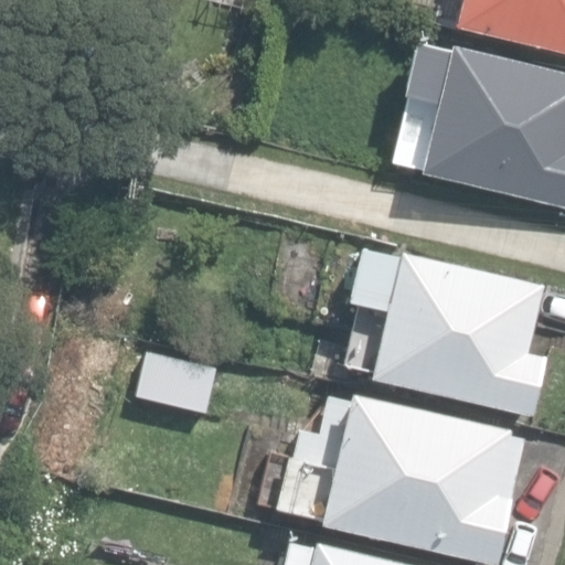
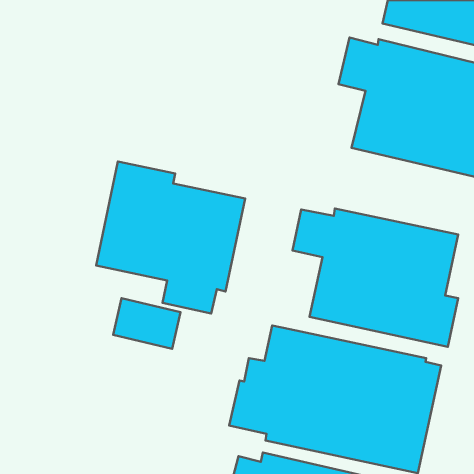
building: none -> [96,161,245,313]

